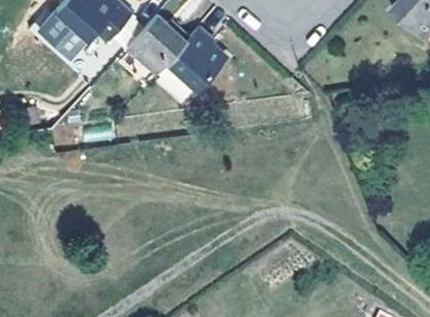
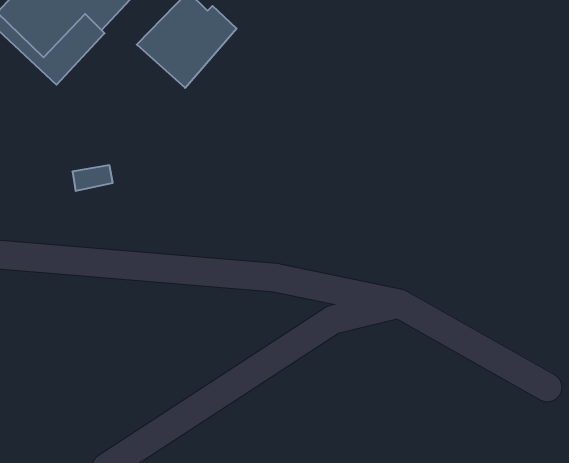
building: [156,28,223,101] -> none

